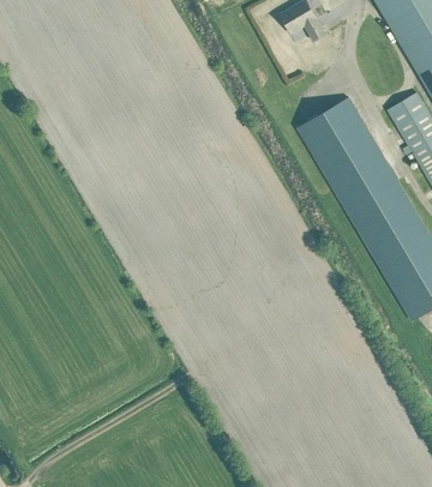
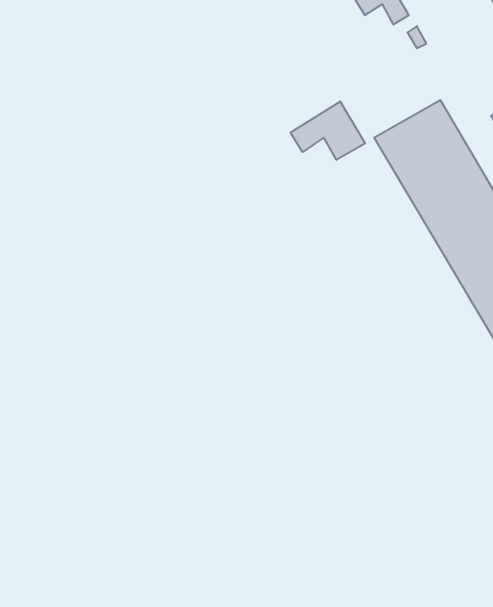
building: none -> [291,101,365,160]

